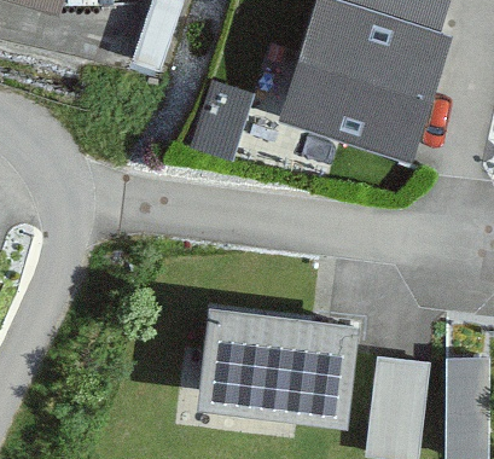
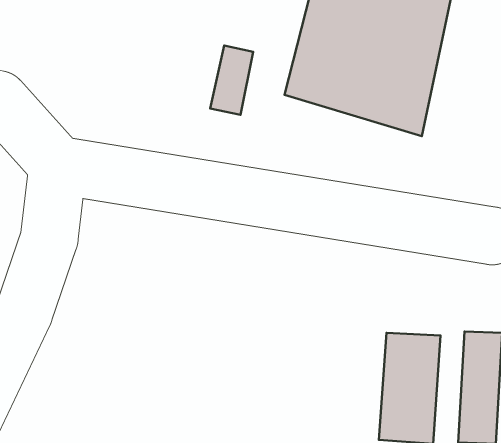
building: [192,306,358,428] -> none

